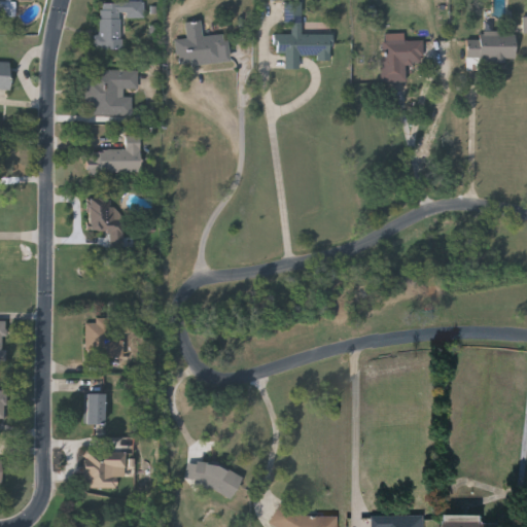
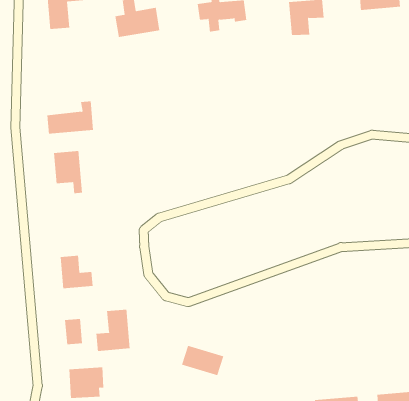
building: [85,69,138,115] -> none
building: none -> [96,309,130,352]
building: [190,460,242,499] -> [181,345,224,376]

